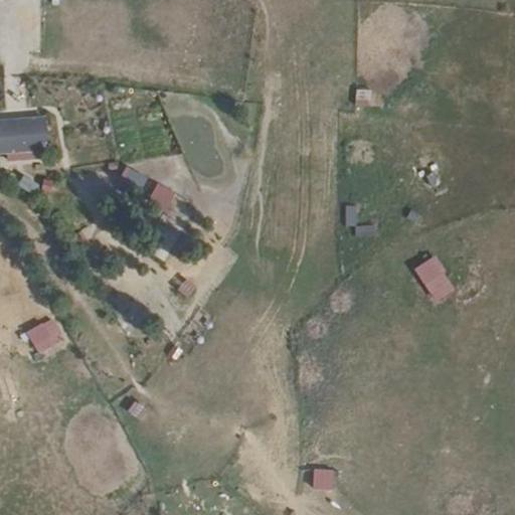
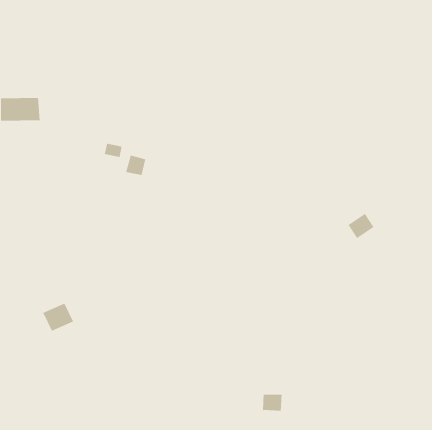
building: [25,320,63,355] -> [42,302,74,332]

